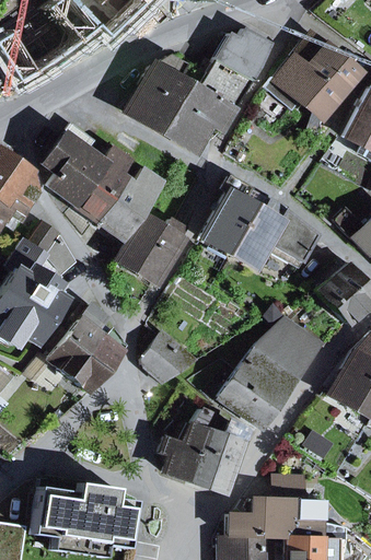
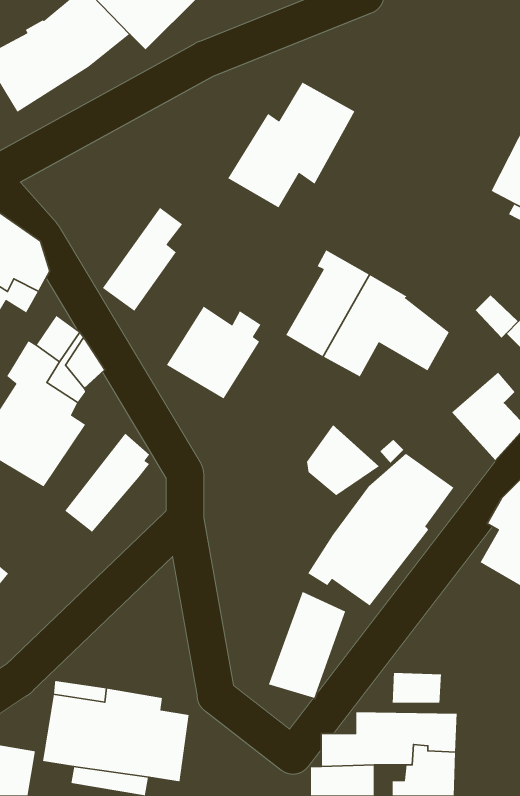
building: [212,30,268,81] -> none
building: [263,33,355,139] -> none
building: [125,56,188,128] -> none
building: [42,126,102,205] -> none
building: [95,170,159,240] -> none
building: [66,327,123,392] -> none
building: [141,334,193,384] -> [306,424,380,496]
building: [158,409,212,481] -> none

